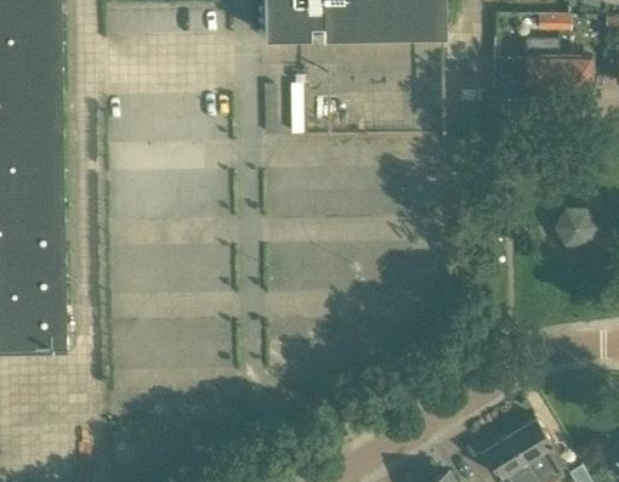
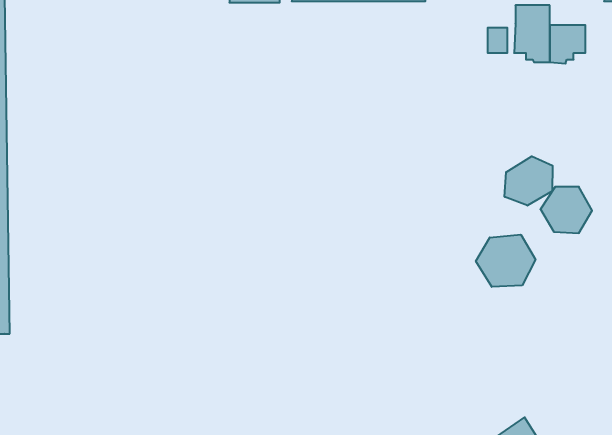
building: none -> [505,156,553,206]
building: none -> [476,235,535,287]

